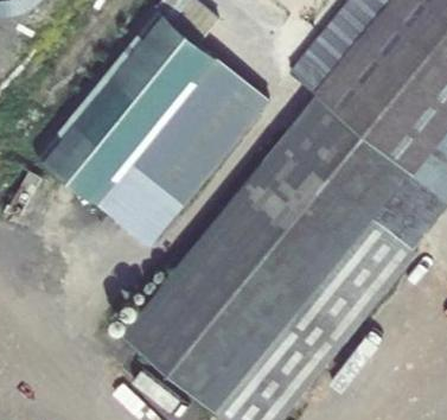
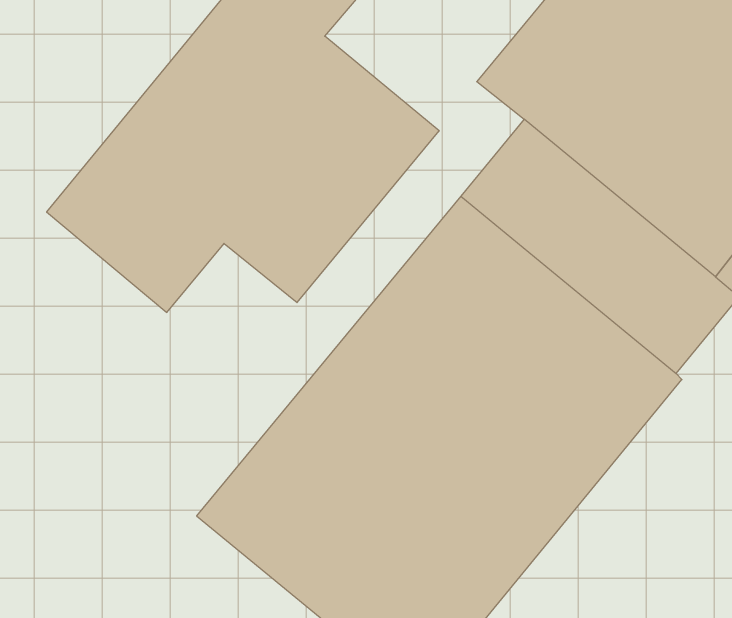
building: [104,171,183,248] -> none

